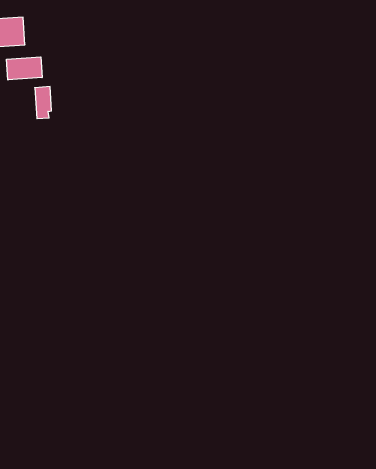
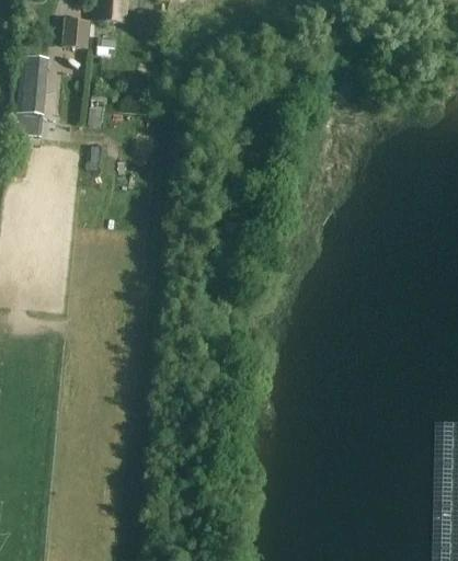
building: [7,57,42,80] -> none

